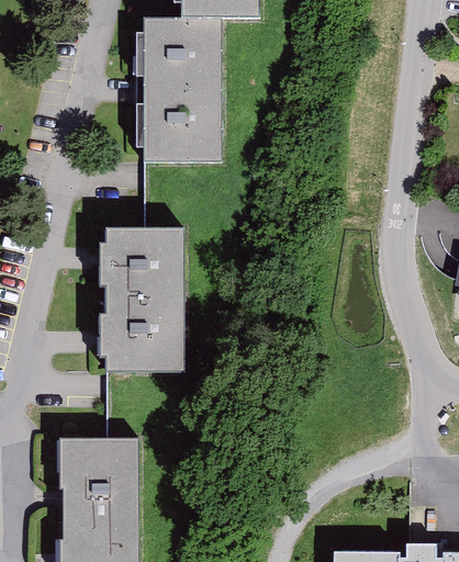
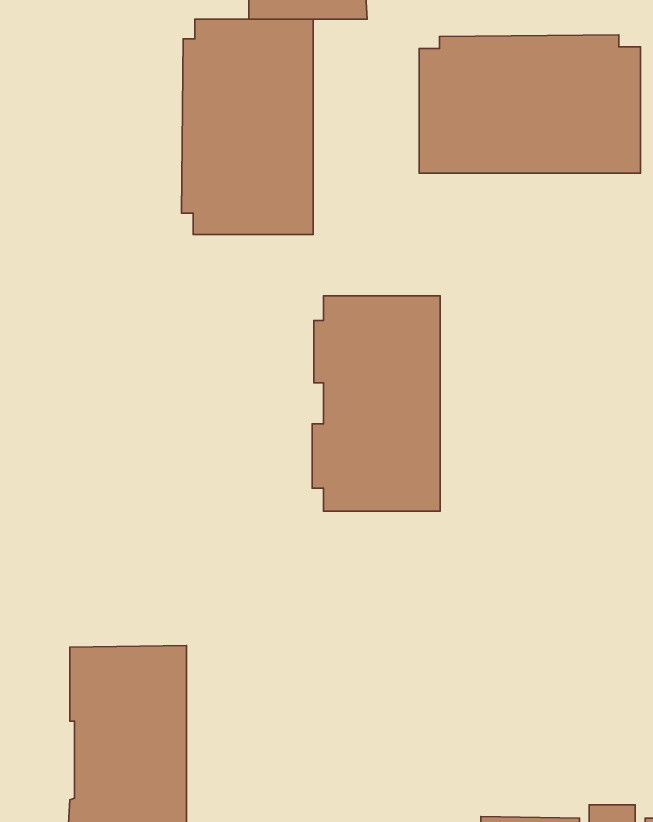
building: none -> [419,35,641,173]
building: [99,228,184,372] -> [312,296,440,511]

